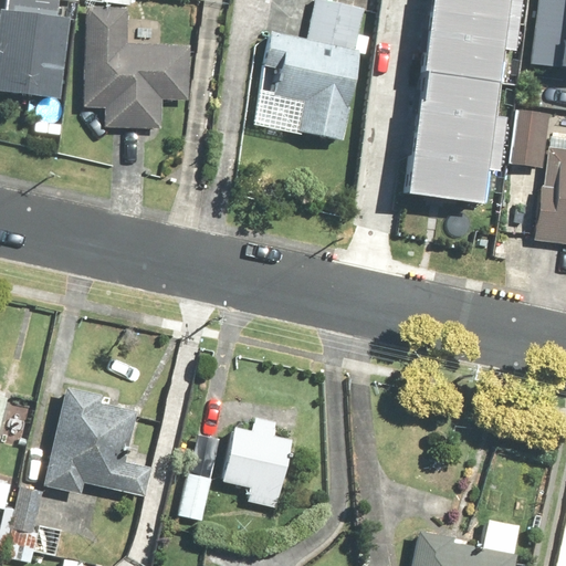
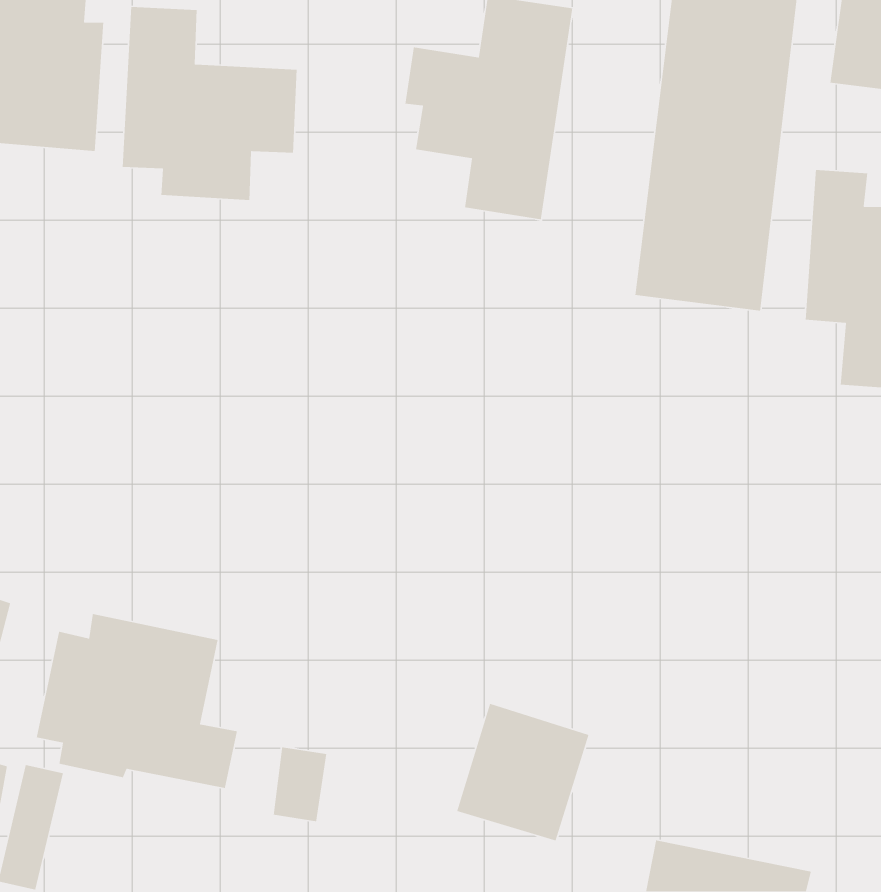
building: [217,418,301,505] -> [456,703,590,841]

